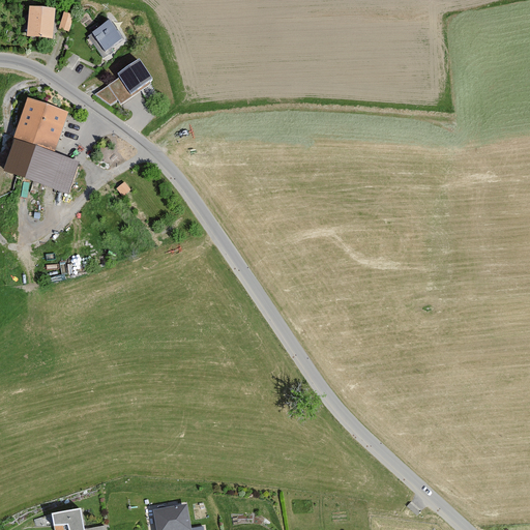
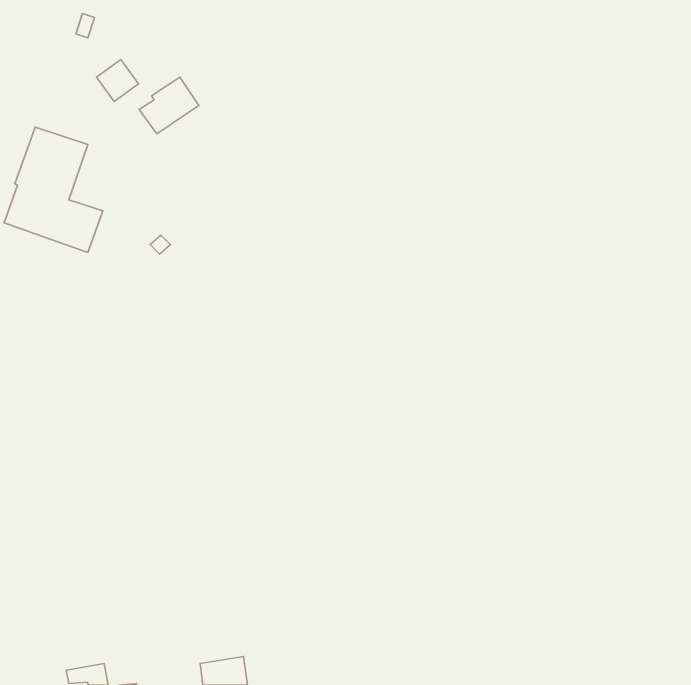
building: [26,6,54,37] -> none
building: [92,19,124,51] -> [97,60,139,101]

